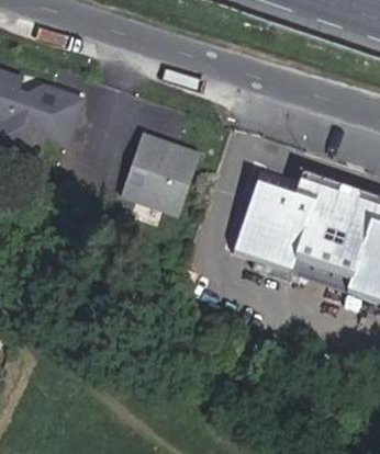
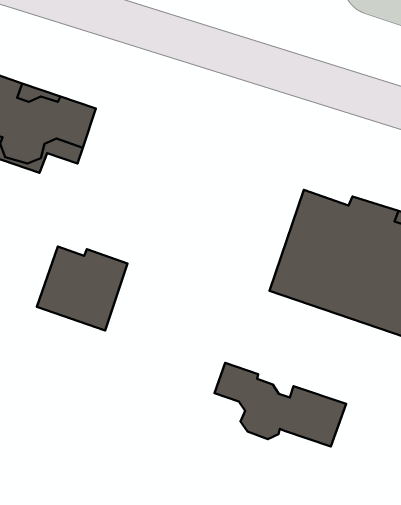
building: [125,138,201,208] -> [37,247,128,331]
building: none -> [214,363,346,447]

